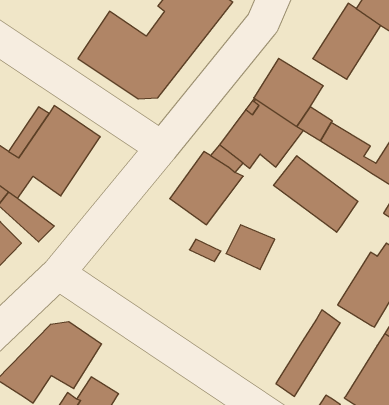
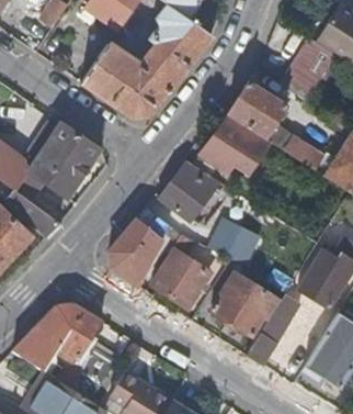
building: [274,156,358,232] -> none
building: none -> [107,206,168,286]
building: none -> [152,250,208,307]
building: none -> [210,272,281,335]

